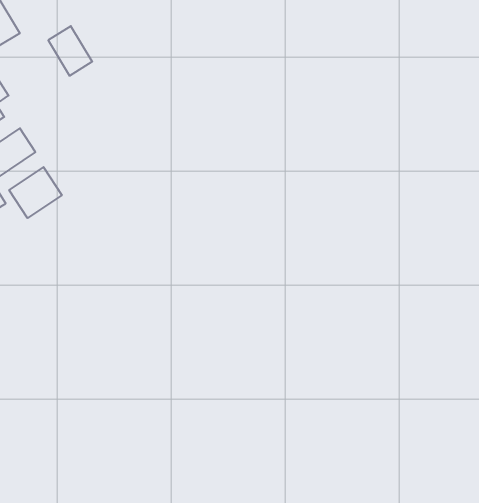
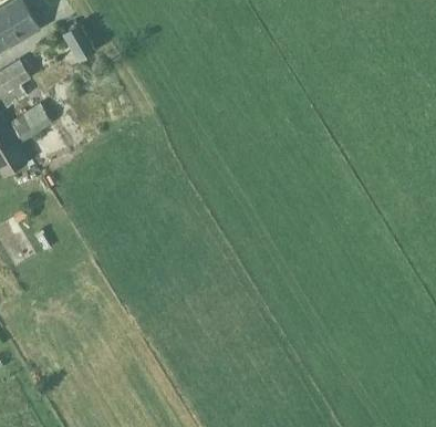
building: [9,167,62,218] -> none

